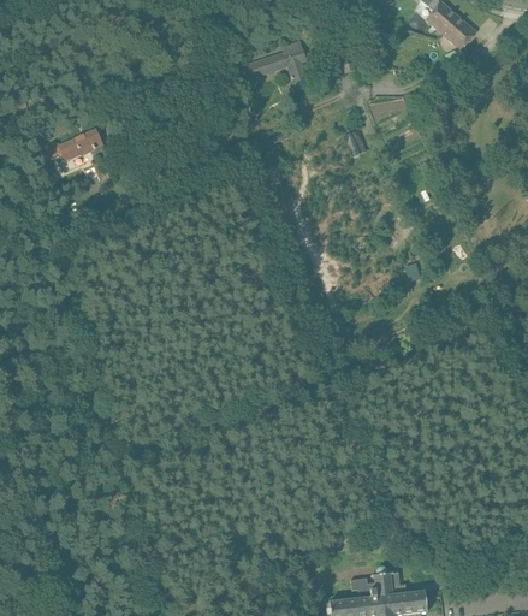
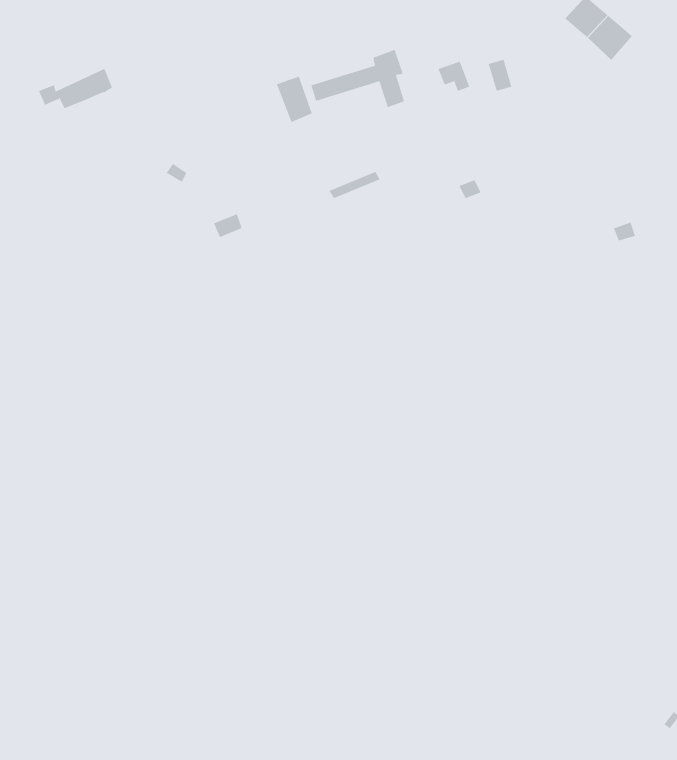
building: none -> [276,76,313,123]
building: [47,130,102,160] -> [38,68,113,109]

